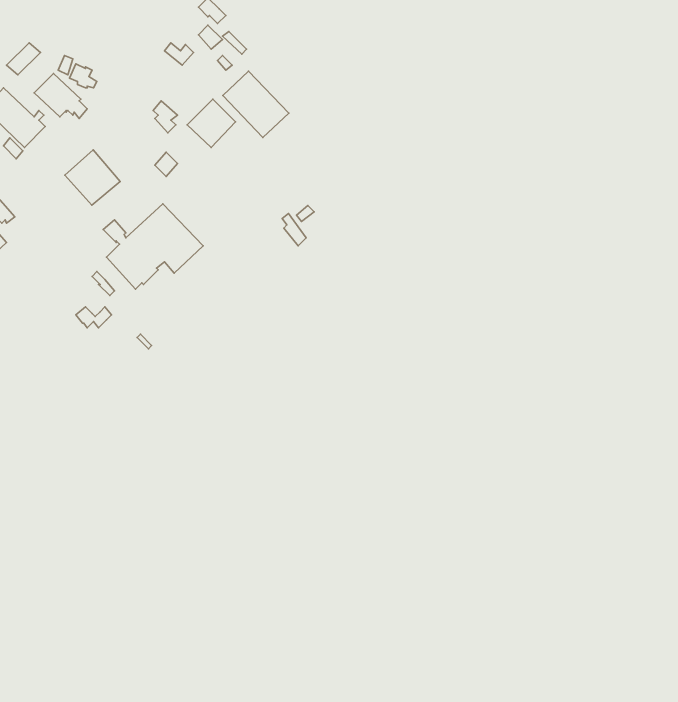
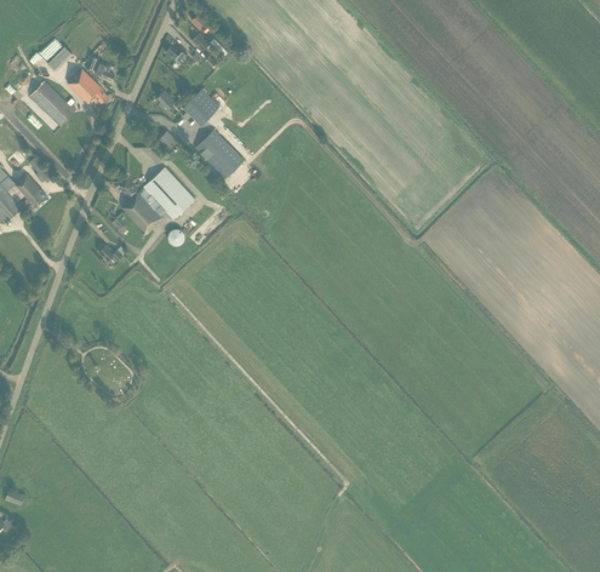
building: [223,71,289,137] -> [194,128,244,178]
building: [65,150,120,205] -> none

